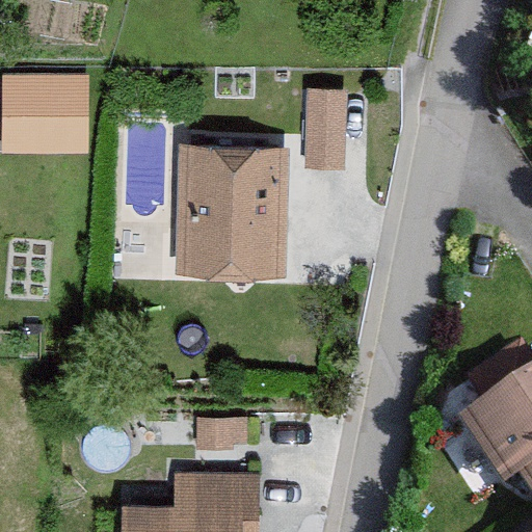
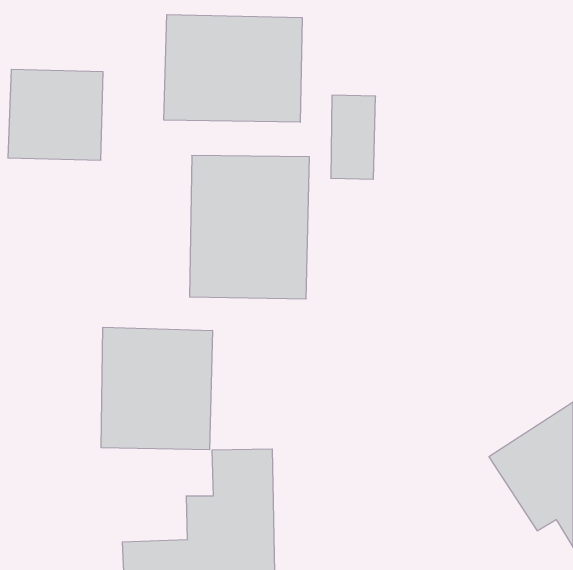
building: none -> [164,15,302,122]
building: none -> [101,327,212,450]

